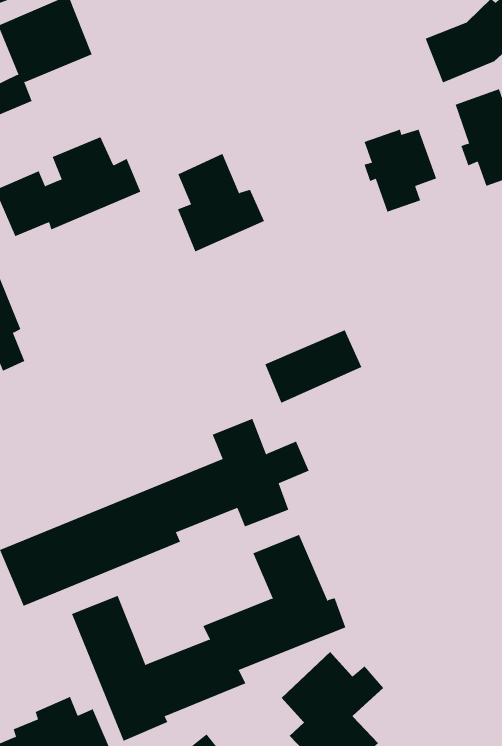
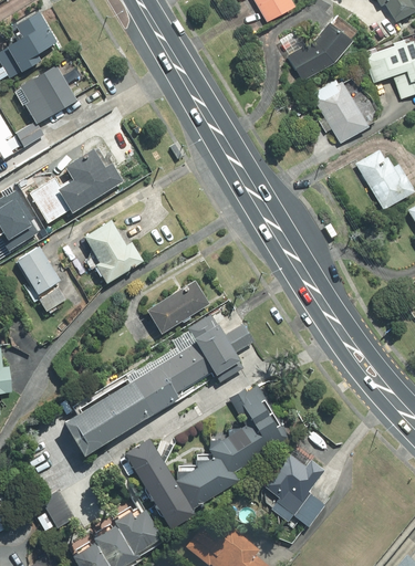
building: [364,129,437,212] -> none
building: [177,153,265,252] -> [84,221,144,286]
building: [264,330,362,404] -> [151,280,212,333]

